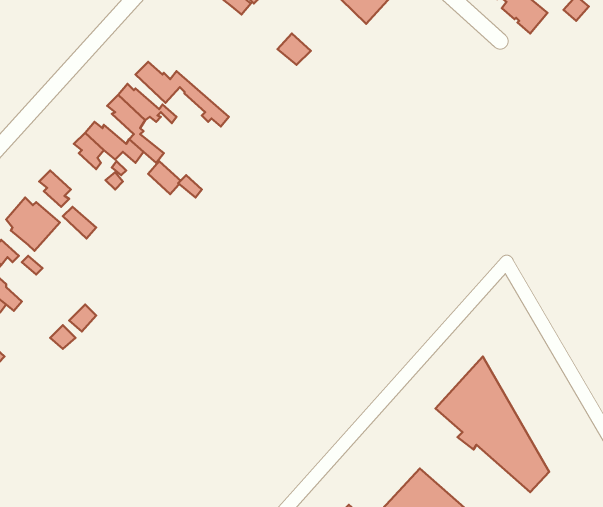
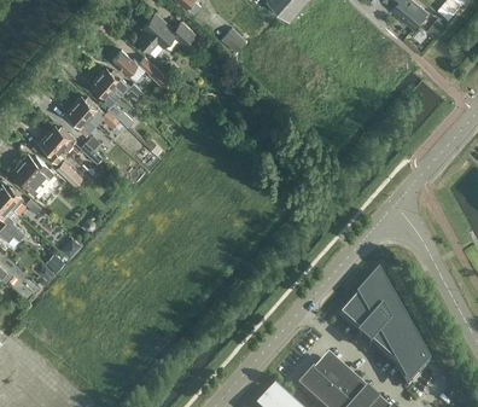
building: none -> [138,14,194,59]
building: none -> [47,127,103,164]

